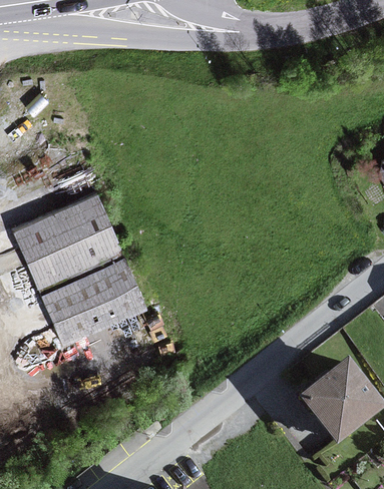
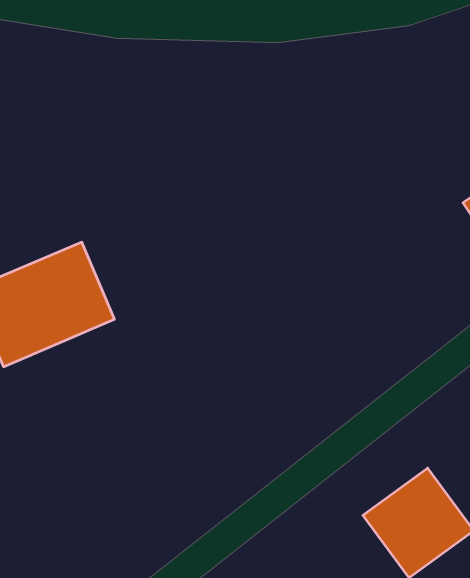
building: [39,260,141,343] -> none

